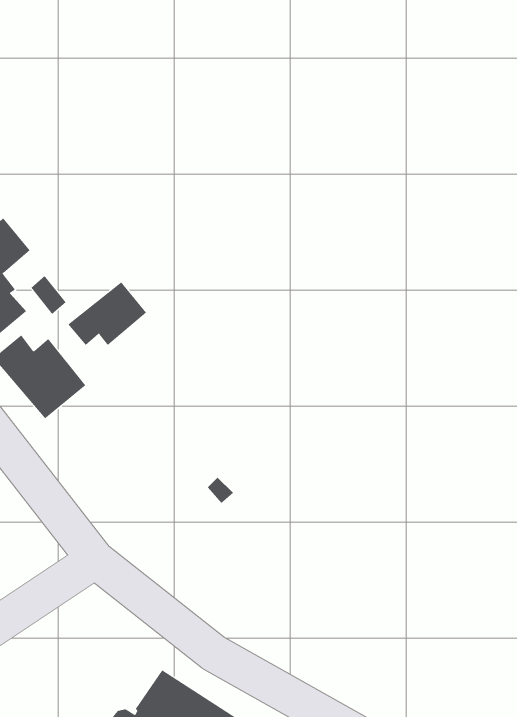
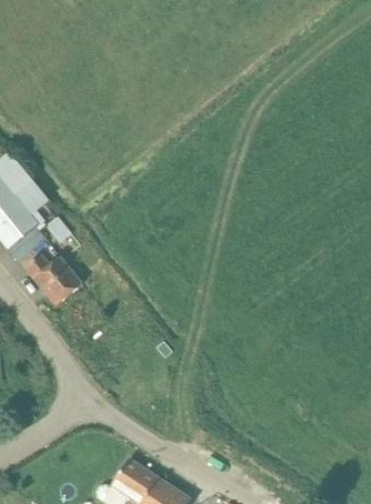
building: [68,281,147,346] -> none

